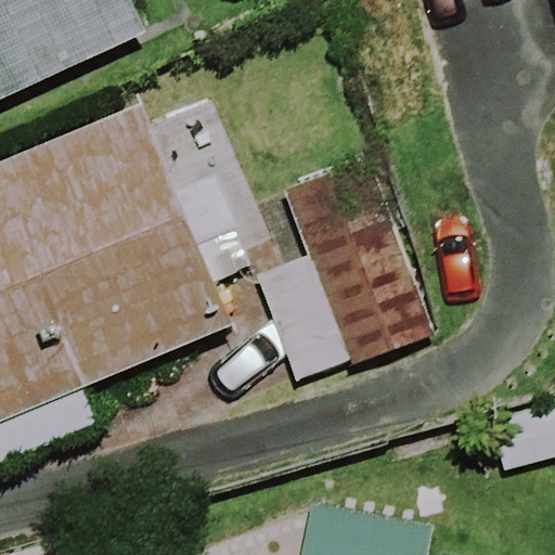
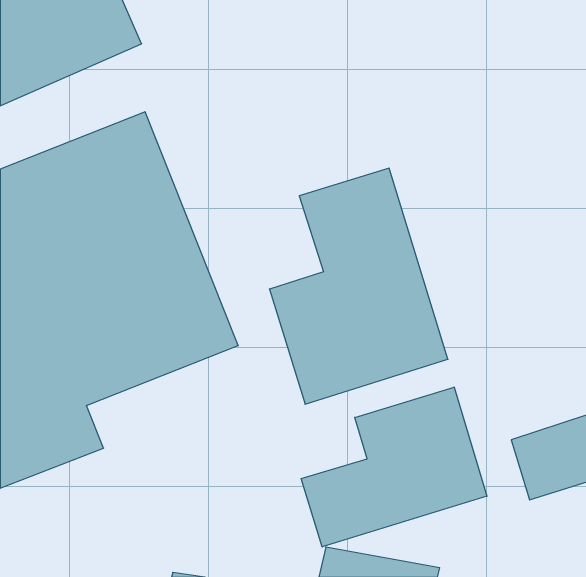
building: none -> [301,387,487,547]

